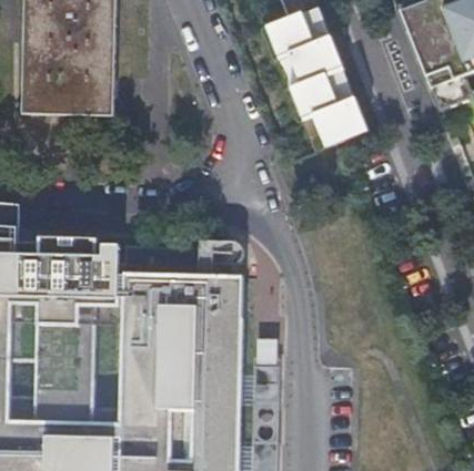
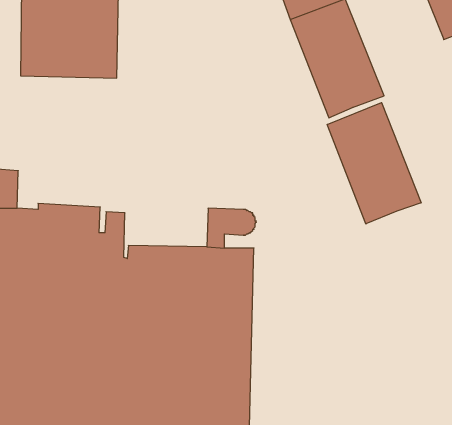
building: none -> [327,103,421,224]

